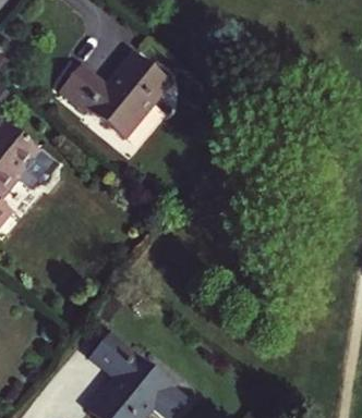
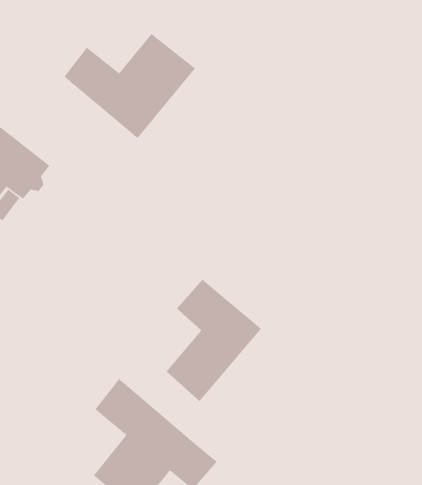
building: none -> [166,279,262,402]

